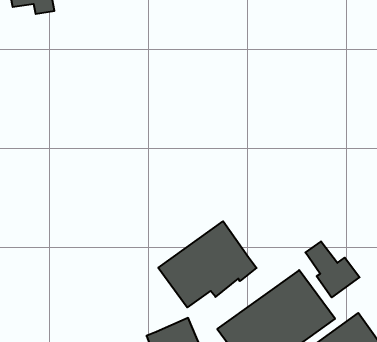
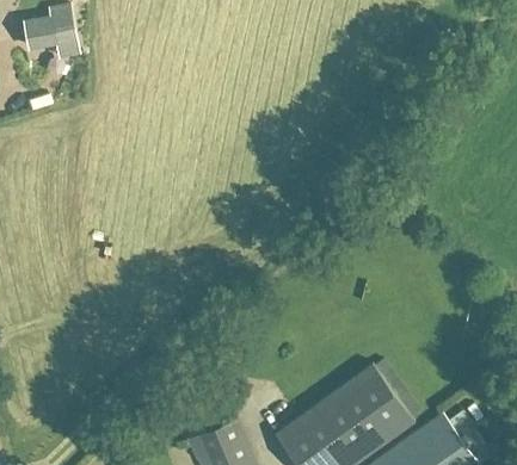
building: [158,221,257,307] -> none
building: [305,241,360,297] -> none

